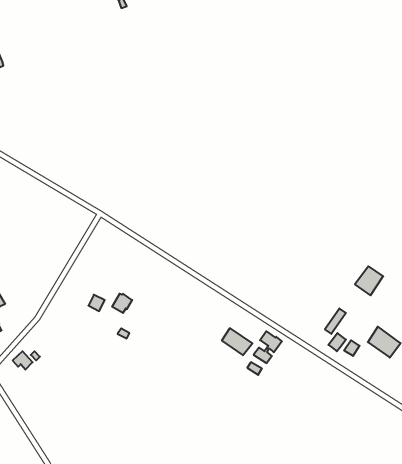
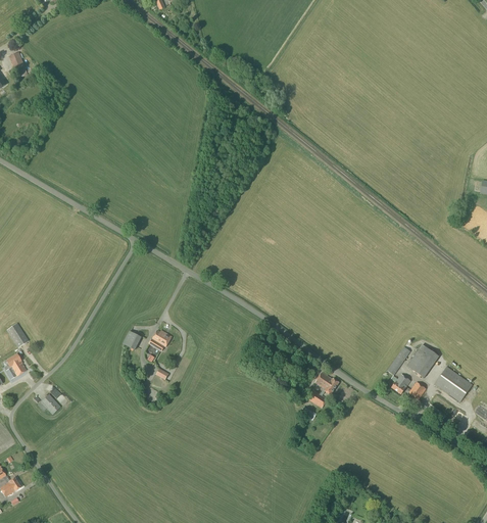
building: [355,266,383,295] -> [406,344,438,377]
building: [222,328,252,355] -> none

